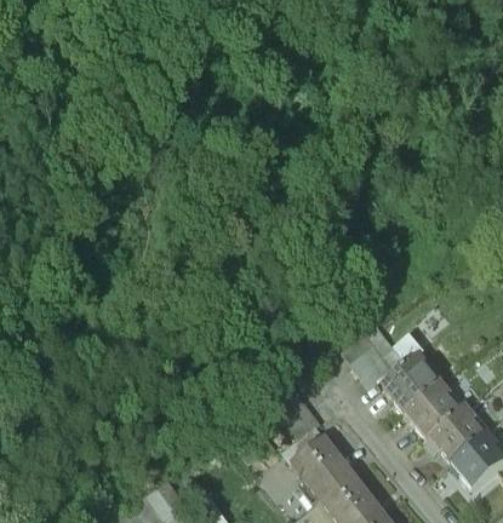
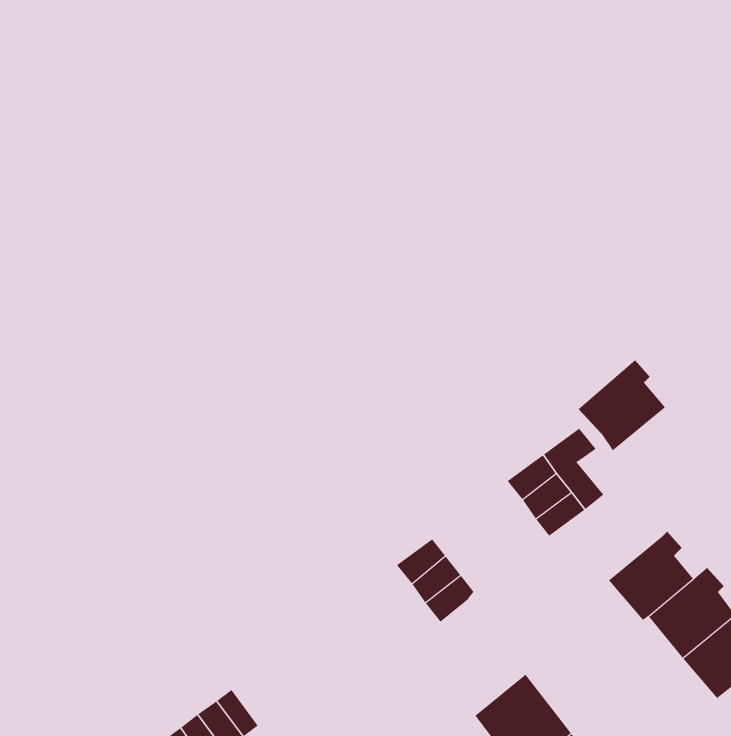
building: [384,356,440,414] -> [578,360,666,451]
building: [292,437,354,500] -> none

